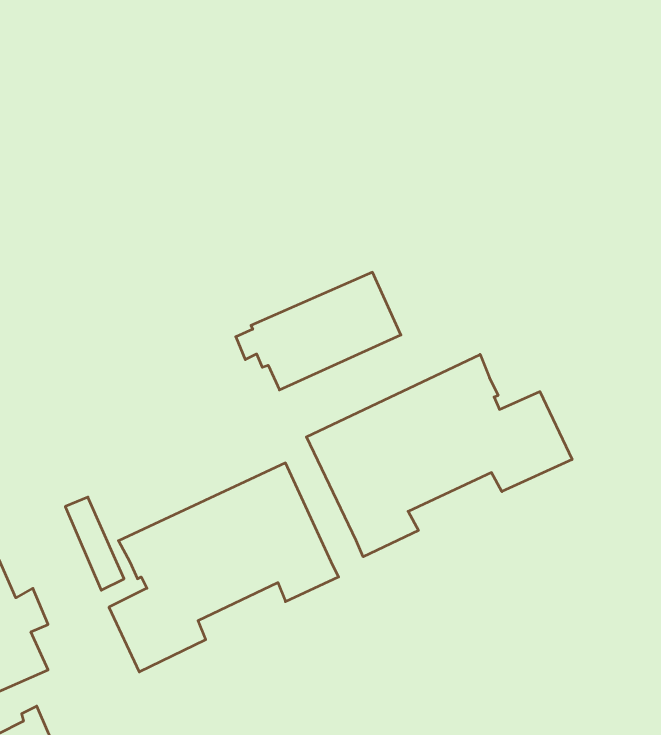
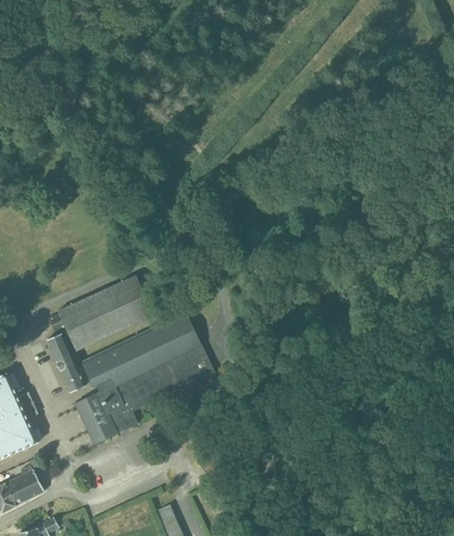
building: [236,272,401,390] -> [50,276,154,350]
building: [306,354,572,557] -> none

